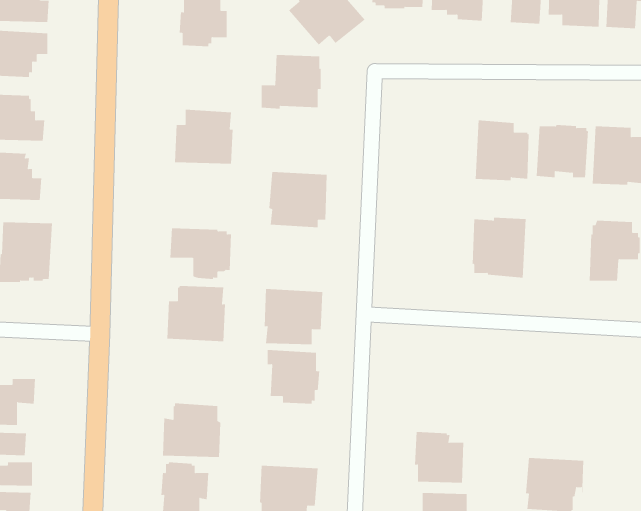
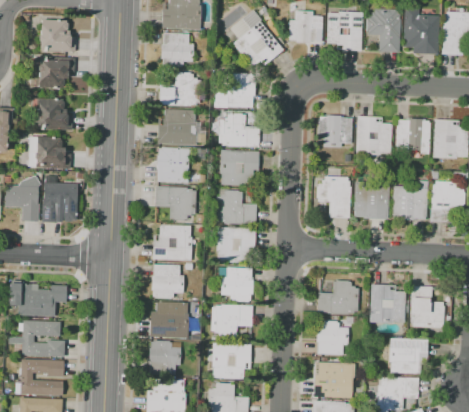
building: none -> [159,73,201,106]
building: none -> [219,114,260,148]
building: none -> [318,115,353,148]
building: none -> [157,148,189,183]
building: none -> [317,177,351,218]
building: none -> [392,181,428,221]
building: none -> [216,190,257,226]
building: none -> [152,265,184,299]
building: none -> [318,280,359,314]
building: none -> [370,285,406,324]
building: none -> [411,287,444,328]
building: none -> [212,305,253,338]

